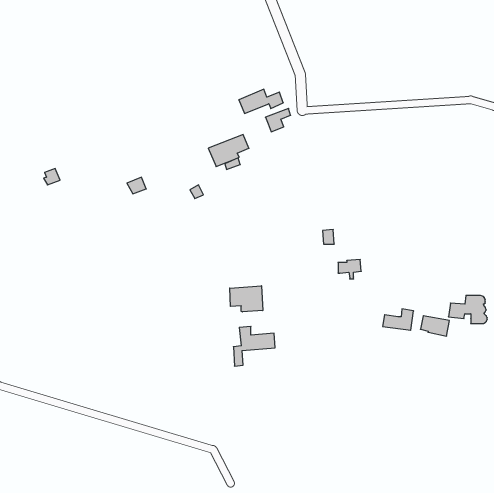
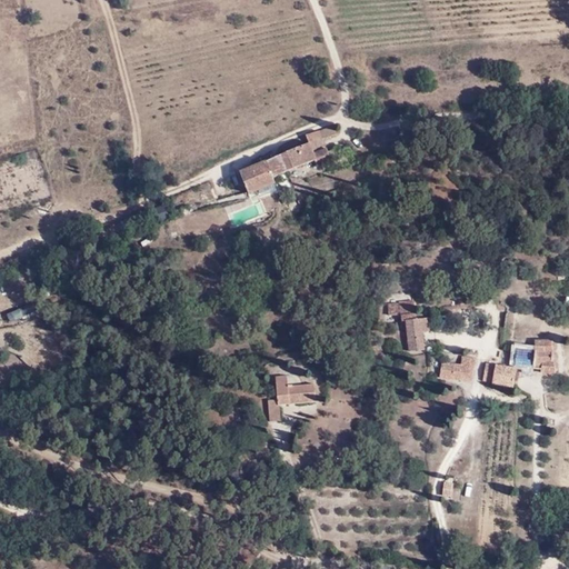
building: [239,89,283,113] -> [279,142,330,170]
building: none -> [406,316,430,350]
building: [230,286,263,312] -> none

